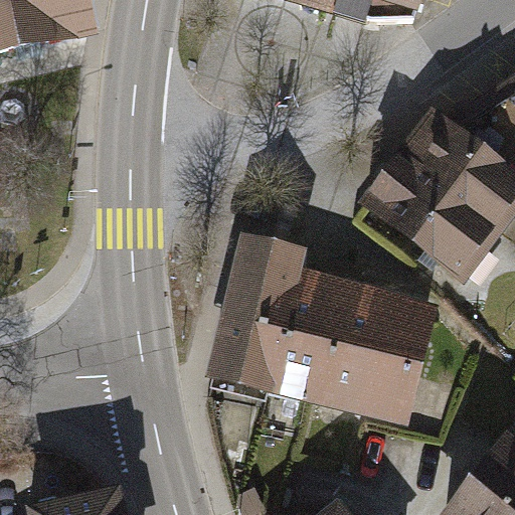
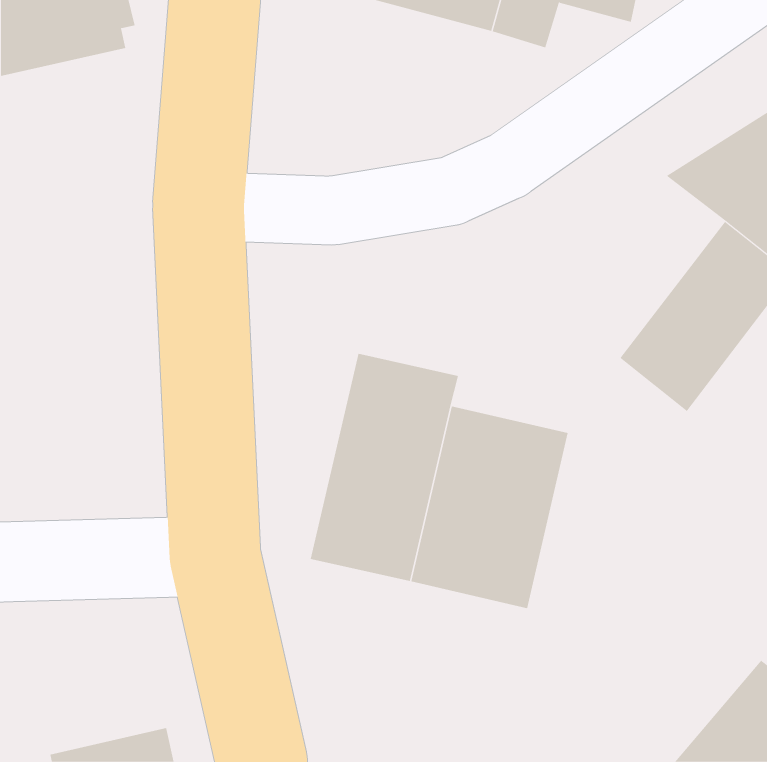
building: [365,110,486,239] -> none
building: [354,290,433,419] -> none

